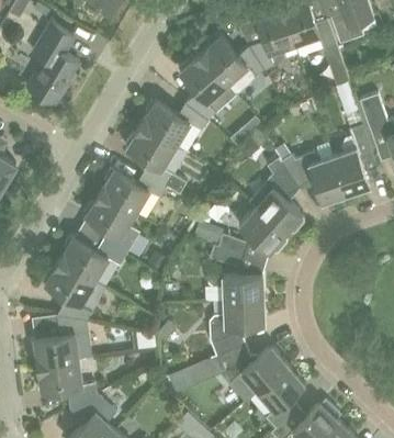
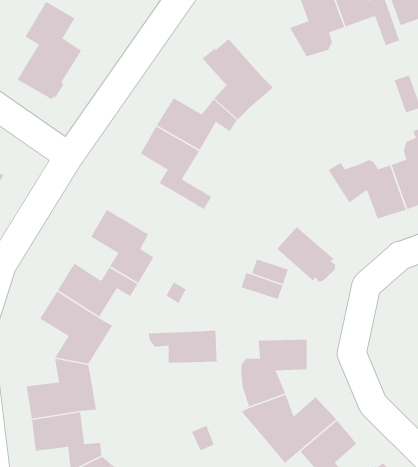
building: [199,35,262,94] -> none
building: [255,158,304,234] -> none
building: [99,170,166,214] -> none
building: [206,273,263,301] -> [148,330,217,364]

